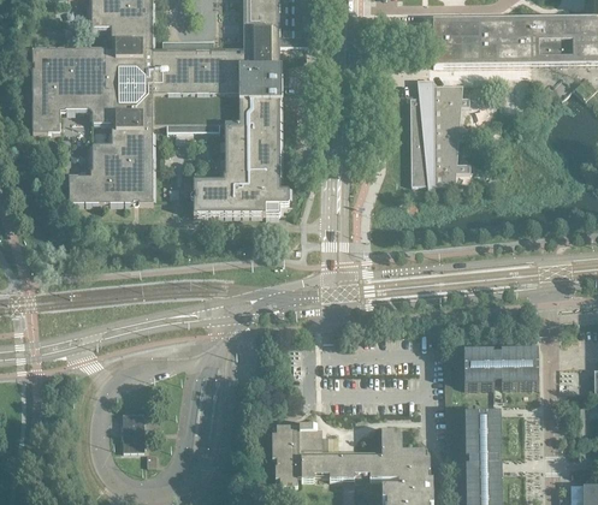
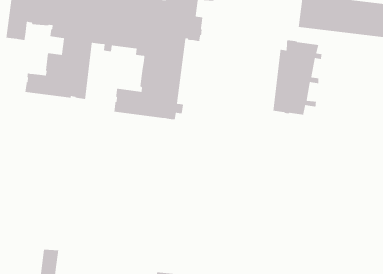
building: [463,350,539,387] -> none

